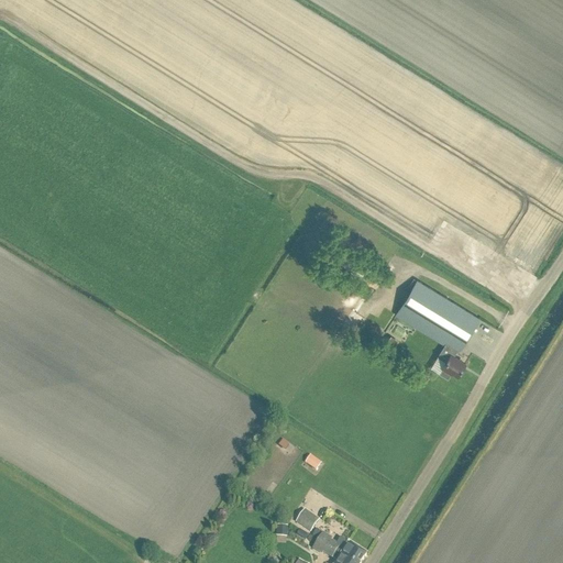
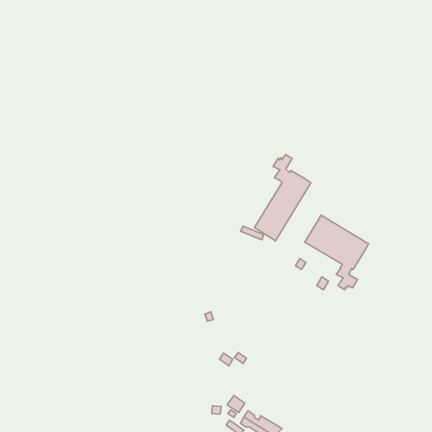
building: none -> [255,154,311,241]

